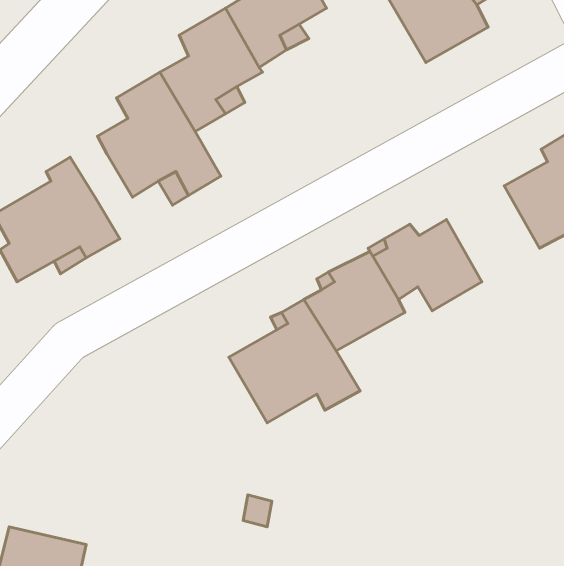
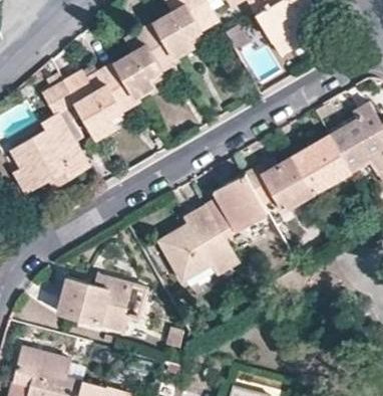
building: none -> [46,83,81,142]
building: none -> [294,134,352,194]
building: none -> [56,274,131,335]

